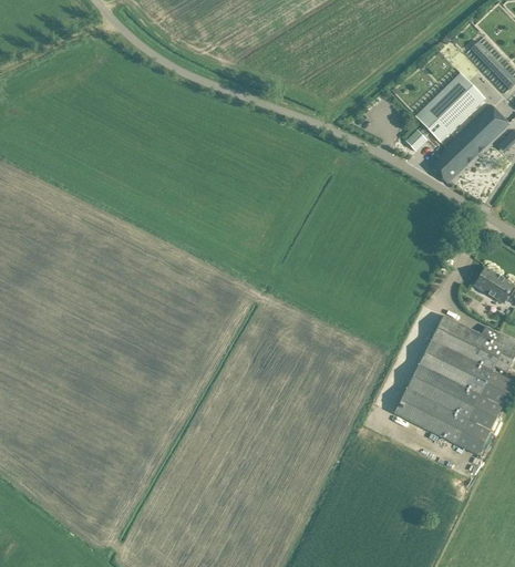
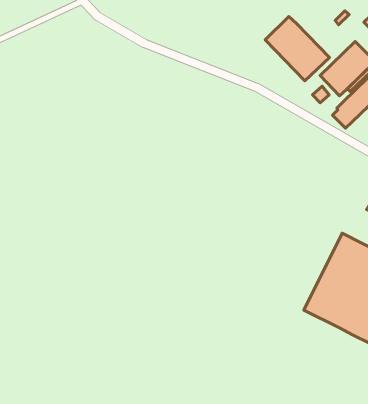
building: none -> [265,16,330,81]

